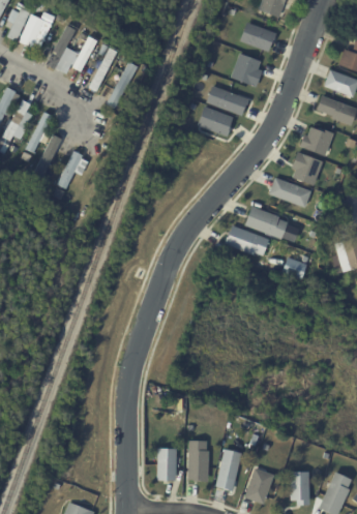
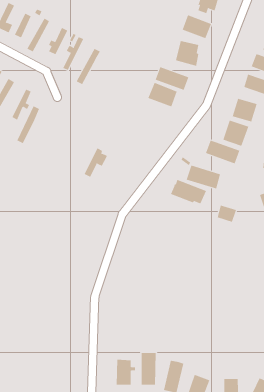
building: [59,151,89,188] -> [84,147,108,177]

